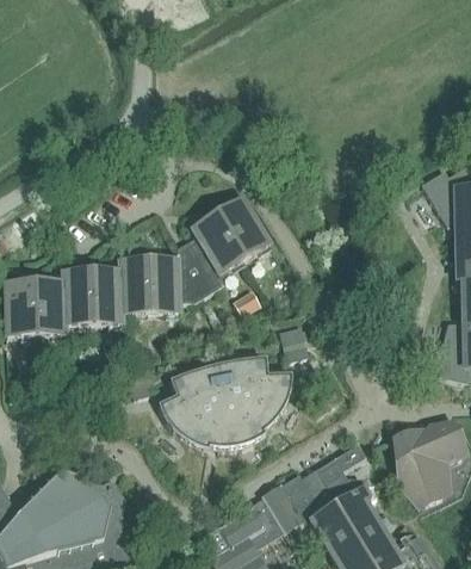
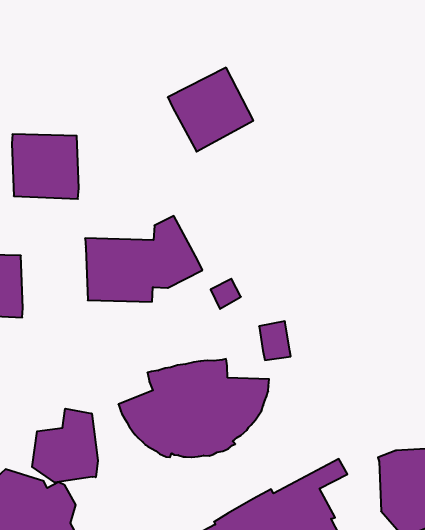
building: [192,197,269,273] -> [168,68,253,152]
building: [63,268,125,326] -> [12,134,79,199]
building: none -> [32,409,98,483]

